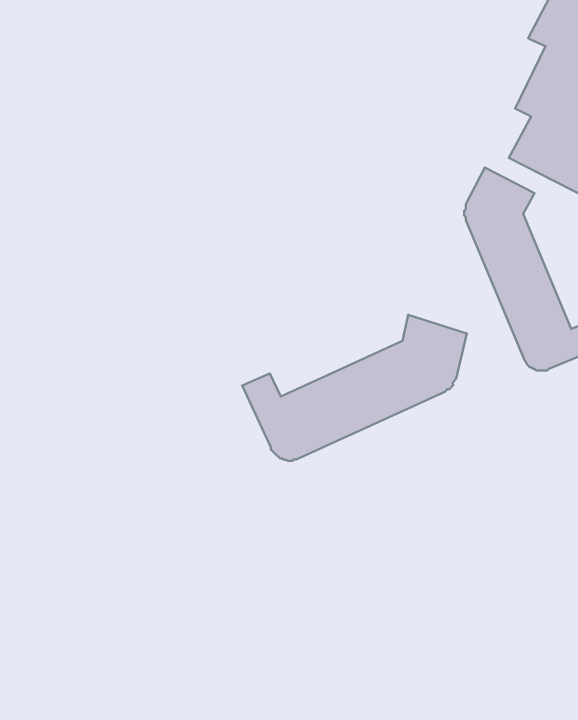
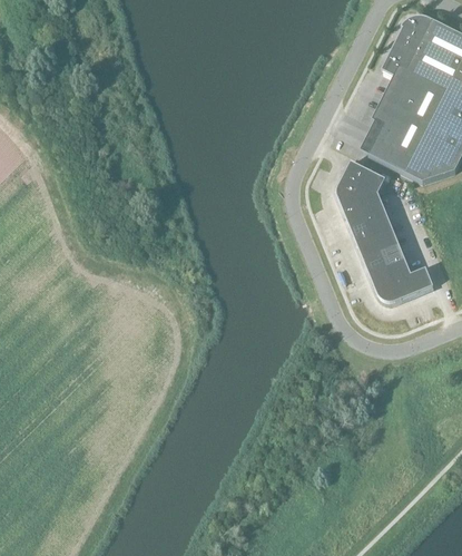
building: [242,315,467,461] -> none

